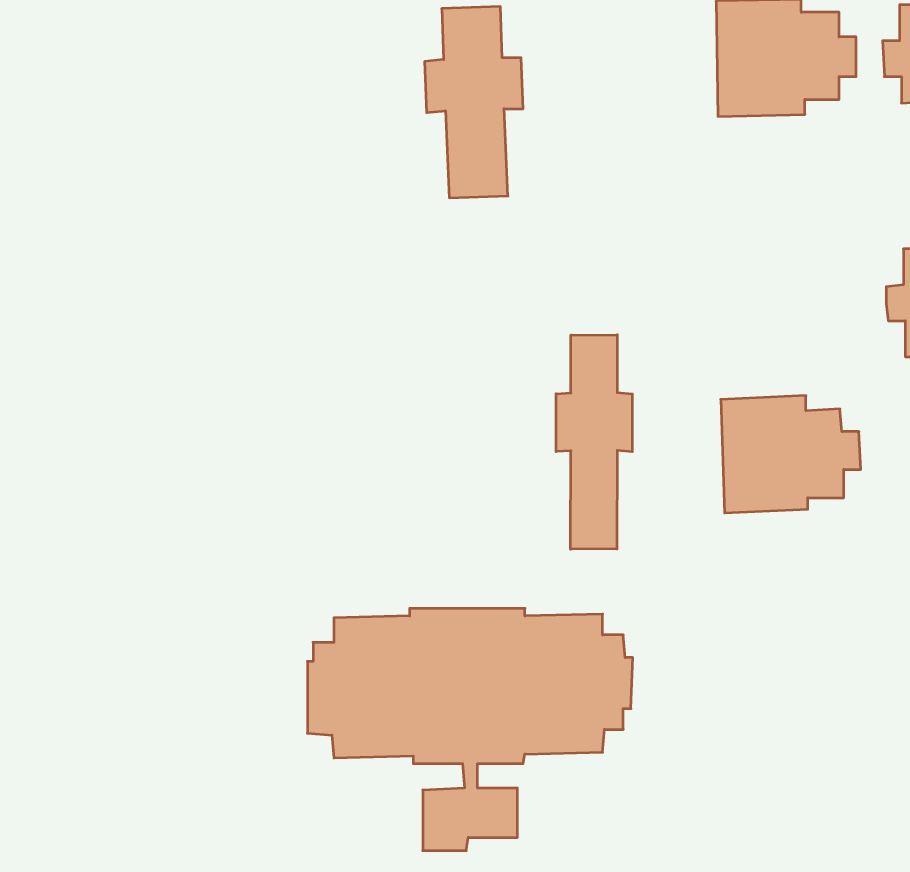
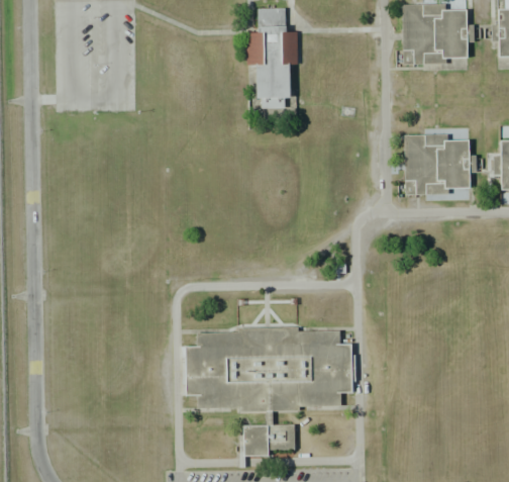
building: [556,335,632,549] -> none
building: [721,396,861,513] -> [404,132,479,195]

